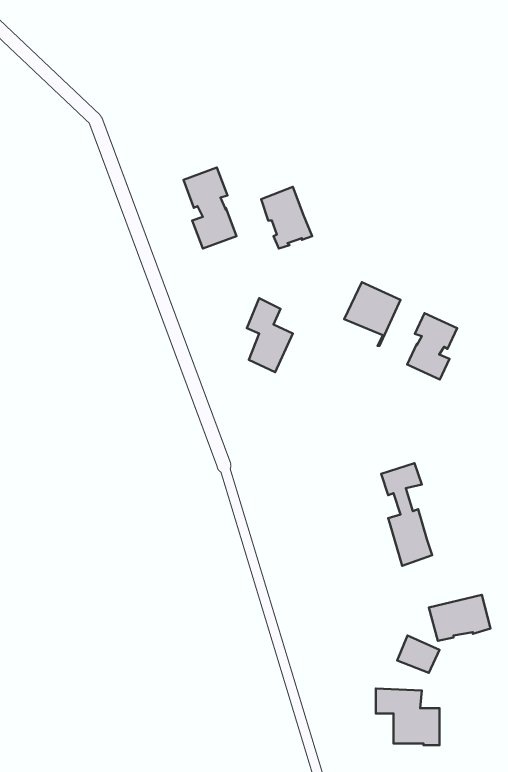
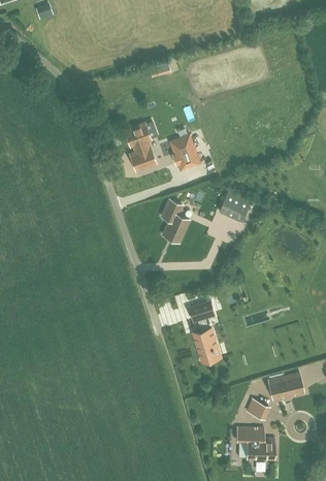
building: [407,313,457,380] -> none
building: [381,463,432,566] -> [189,300,219,360]

